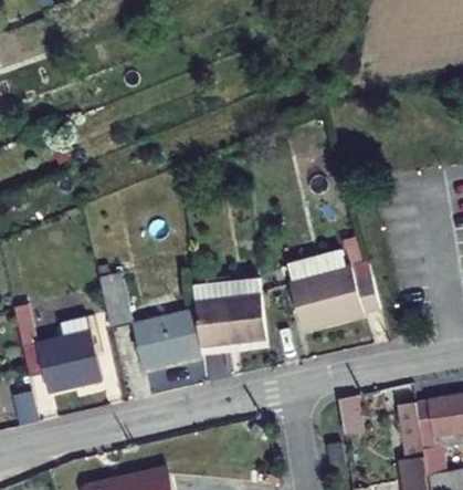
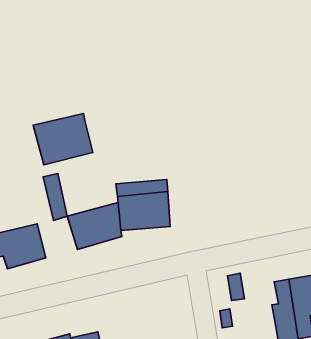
building: none -> [33,113,93,165]
building: [286,249,376,320] -> none

